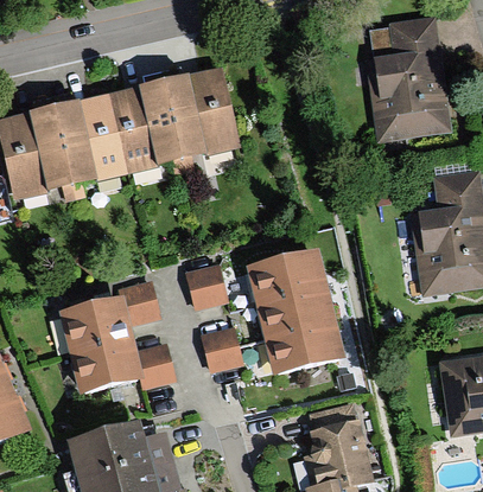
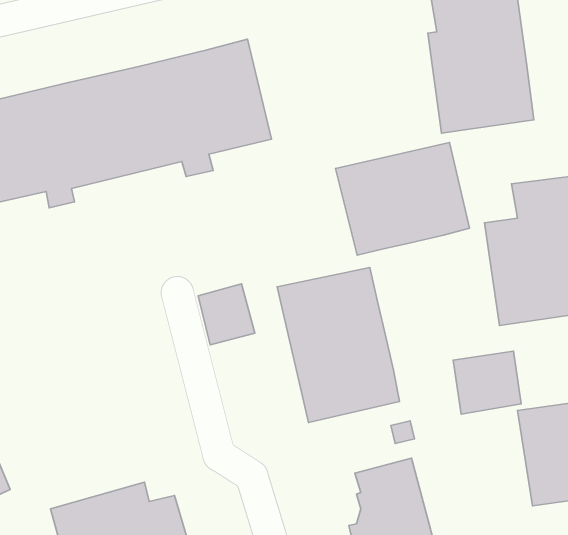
building: none -> [336,142,469,255]
building: [59,276,176,391] -> none
building: none -> [453,351,521,414]
building: [199,325,243,371] -> none

